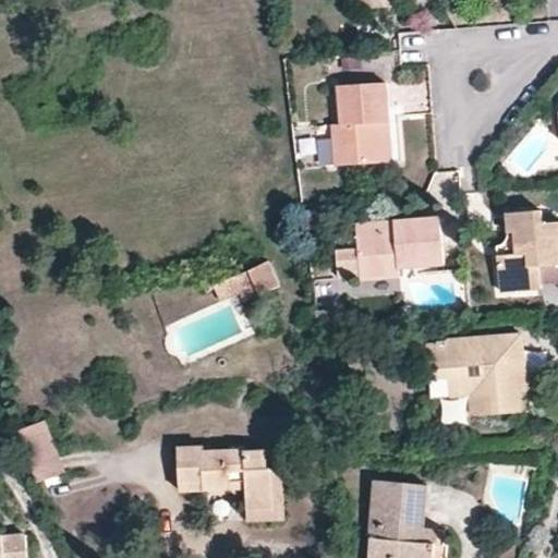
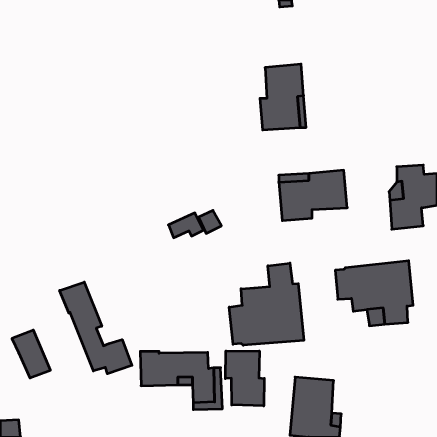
building: none -> [229,263,304,345]
building: none -> [60,282,132,374]
building: none -> [225,351,264,406]

